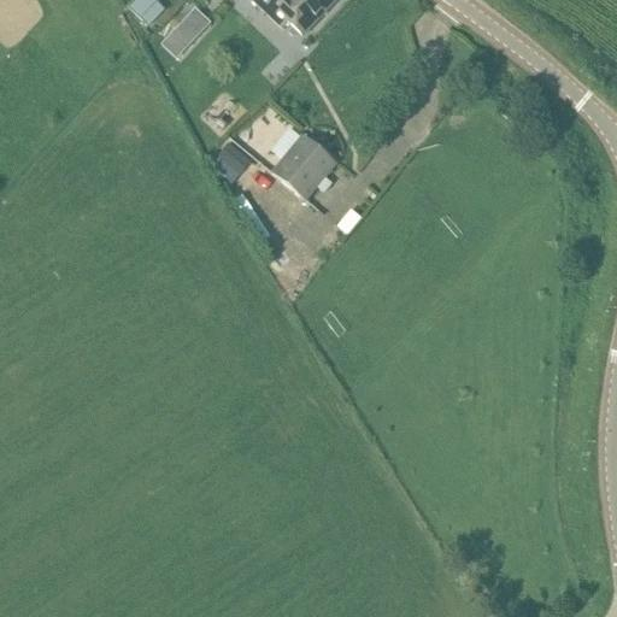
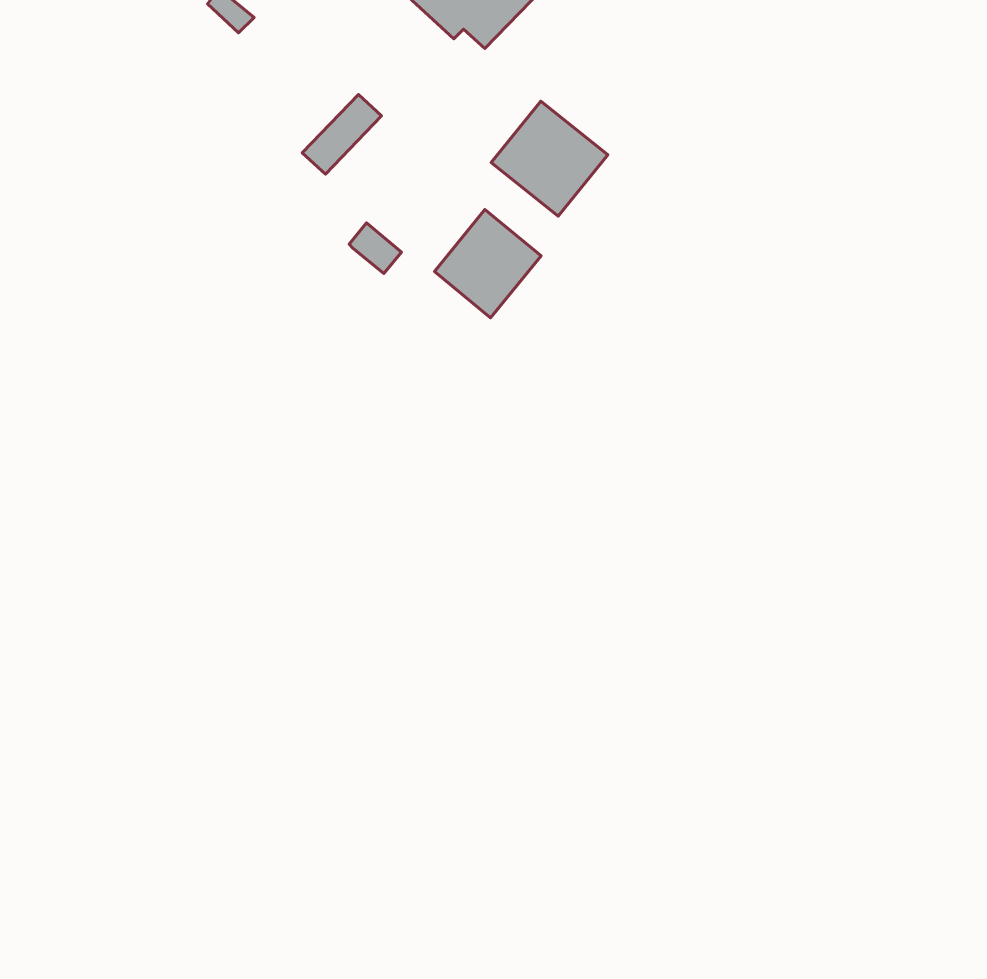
building: [161,5,211,54] -> [302,95,382,174]
building: none -> [491,101,608,216]

